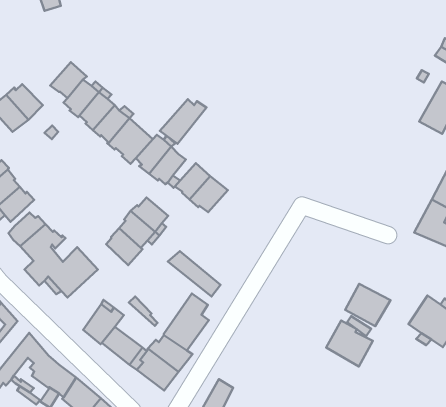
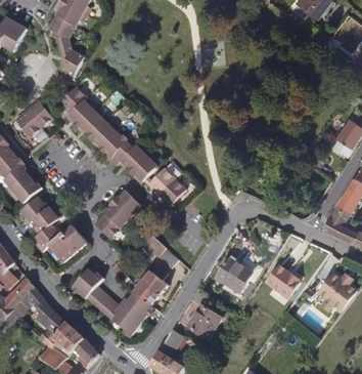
building: none -> [58,45,84,76]
building: [160,99,207,144] -> none
building: [326,320,373,367] -> [215,257,250,292]
building: none -> [187,305,221,338]

